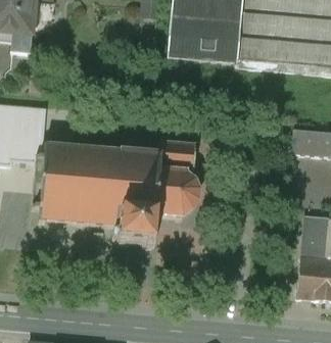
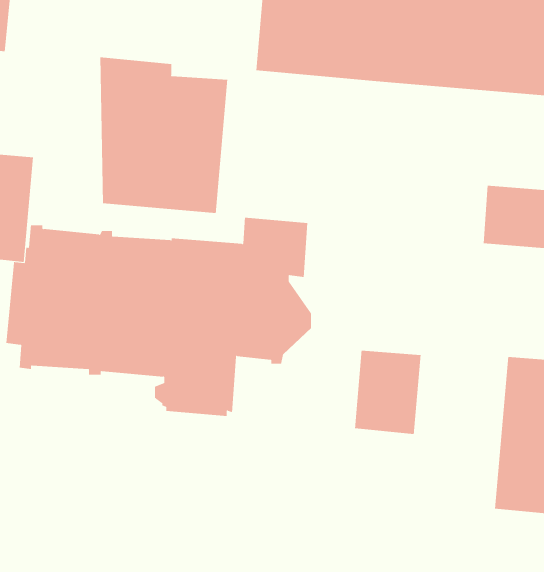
building: none -> [100,57,228,214]
building: none -> [354,350,421,435]

